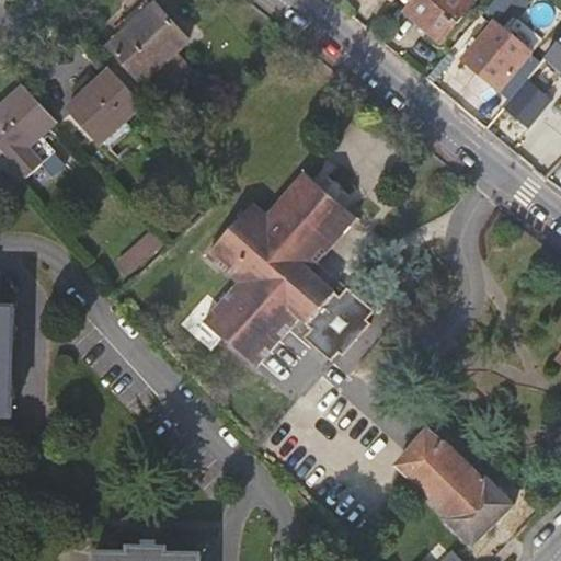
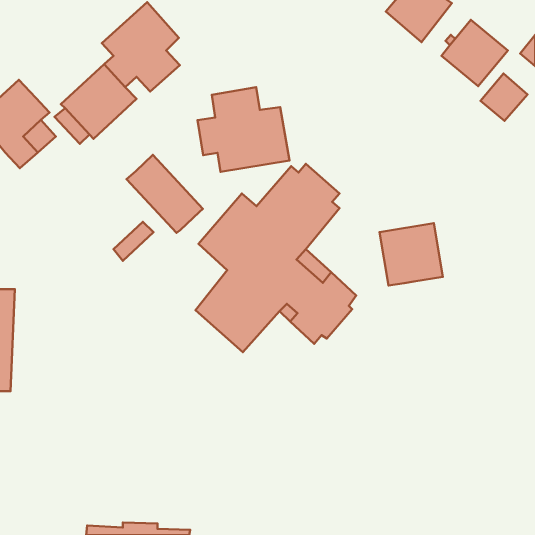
building: none -> [198,87,290,172]
building: none -> [126,155,203,233]
building: none -> [380,223,443,286]
building: [394,430,513,549] -> none

